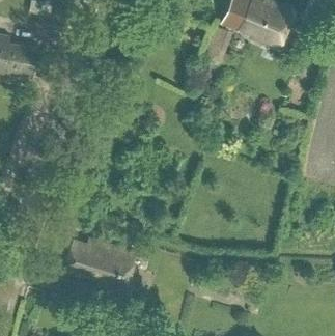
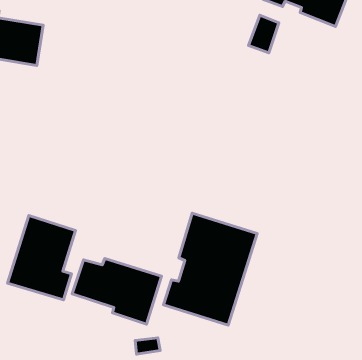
building: none -> [163,213,257,325]
building: none -> [7,215,76,300]

